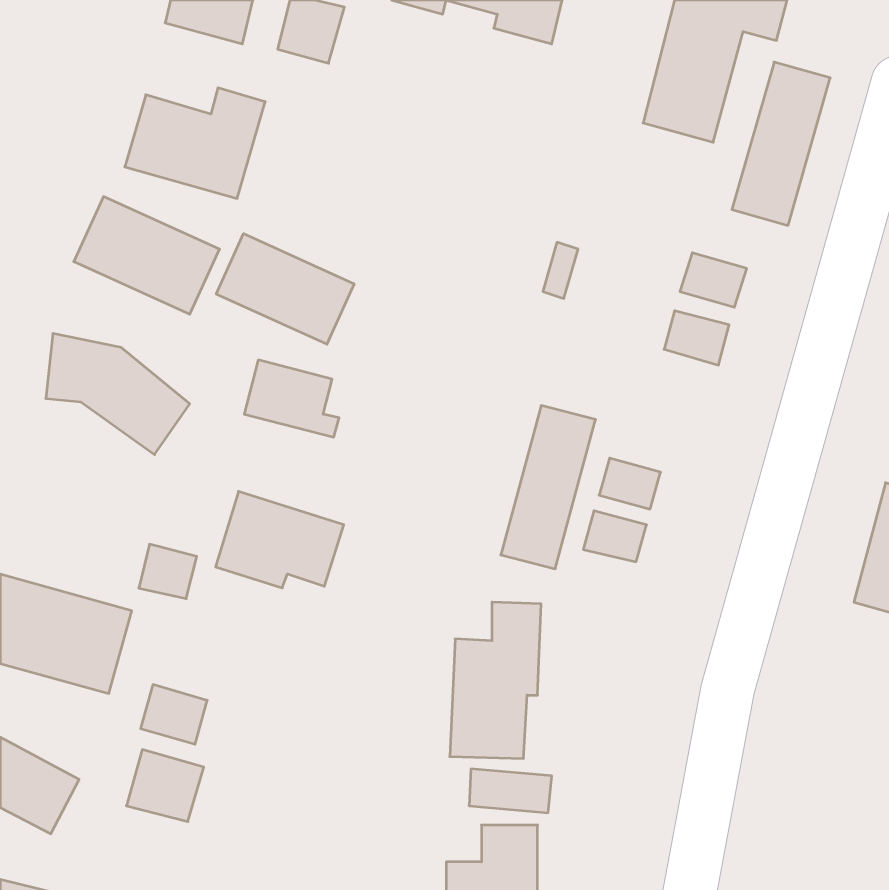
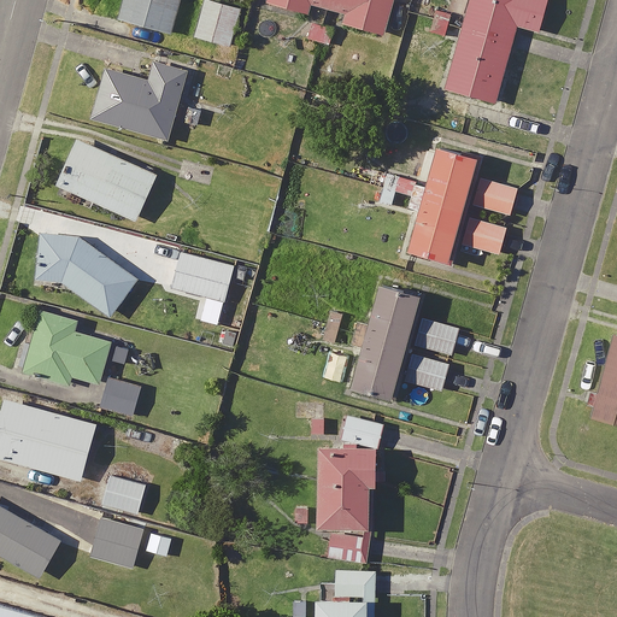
building: [732,62,830,225] -> [405,146,472,258]
building: [216,234,354,344] -> none
building: [216,491,344,588] -> [24,319,112,386]

